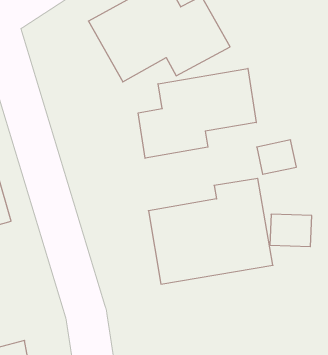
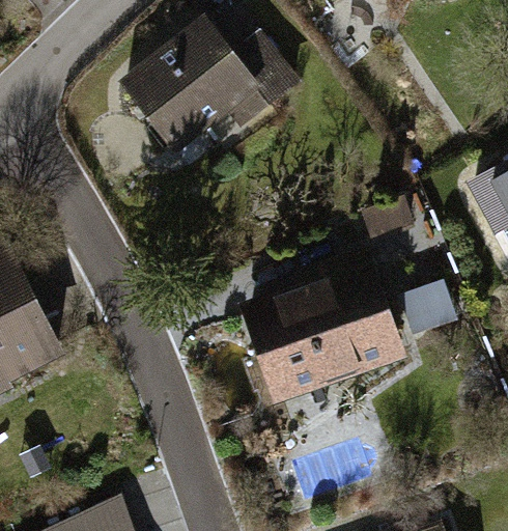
building: [138,68,256,158] -> none

